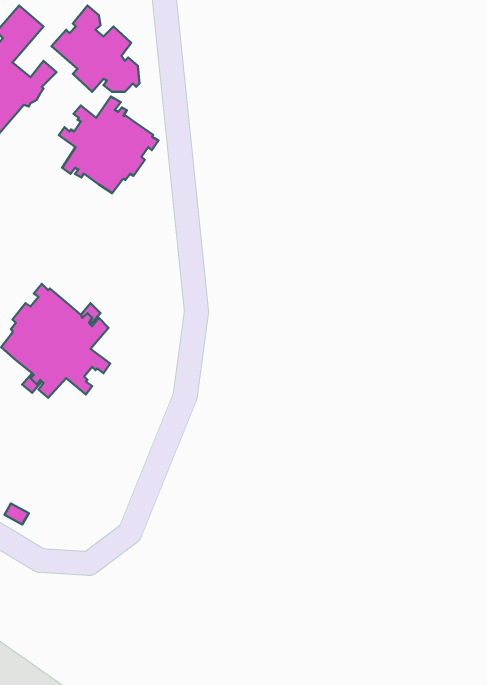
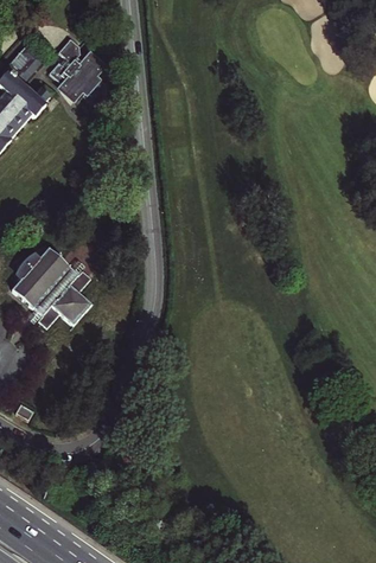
building: [59,97,159,193] -> none

